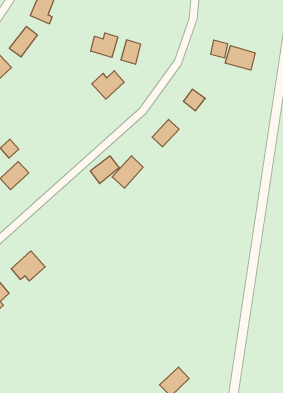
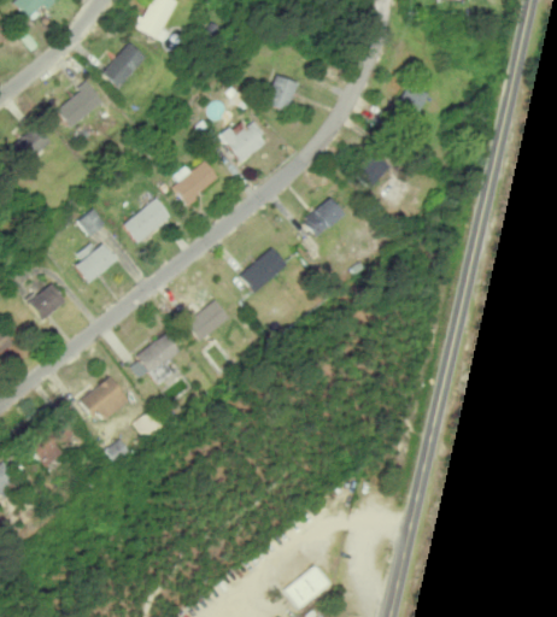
building: [91,33,118,57] -> none
building: [225,46,255,70] -> none
building: none -> [170,160,221,202]
building: none -> [123,198,171,243]
building: [90,156,119,184] -> [188,301,231,341]
building: none -> [131,331,182,384]

